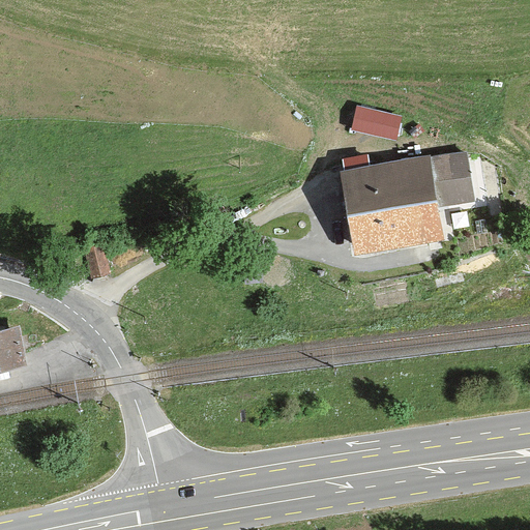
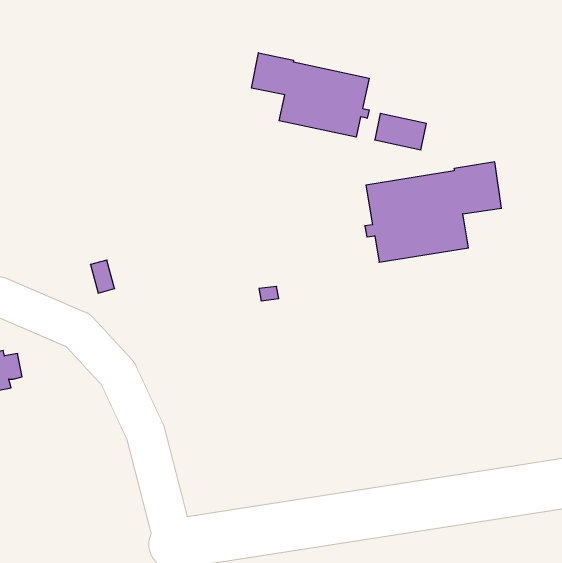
building: none -> [252,53,369,137]

